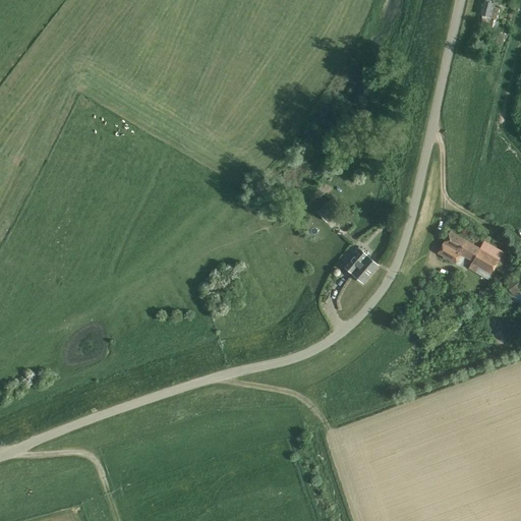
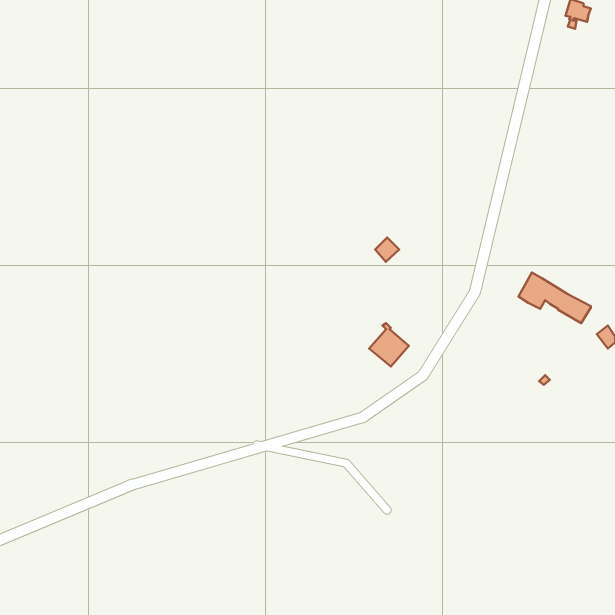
building: [344,245,378,282] -> [369,323,409,366]

